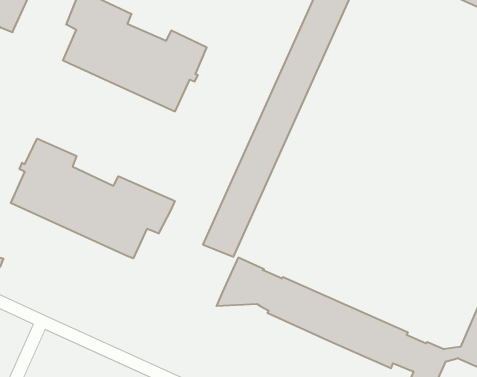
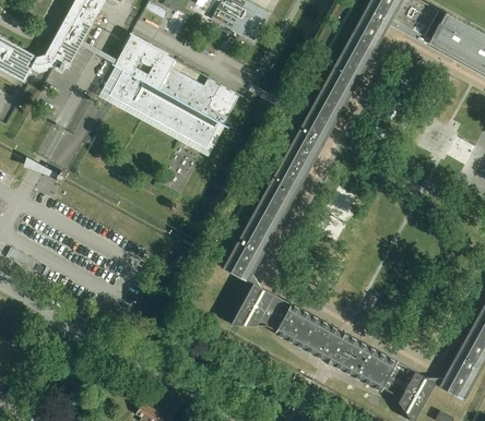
building: [11,139,175,258] -> none

